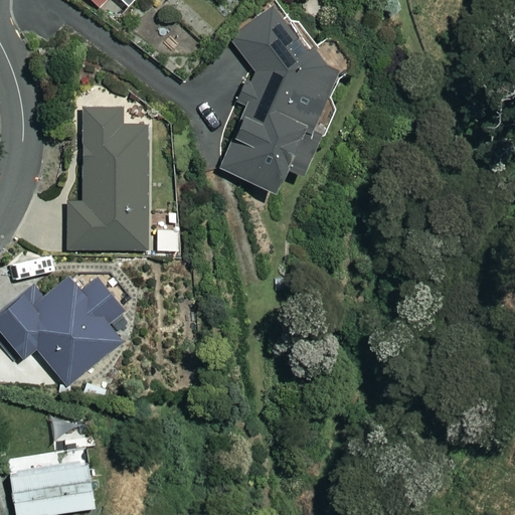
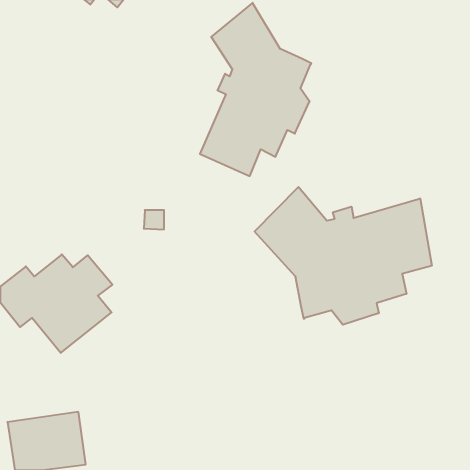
building: [68,108,148,247] -> none
building: none -> [255,187,432,325]

